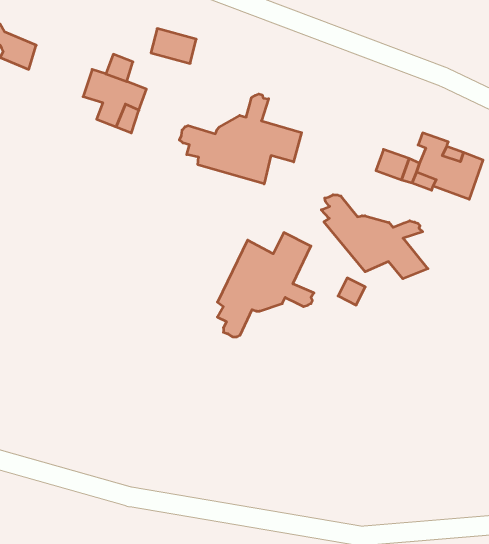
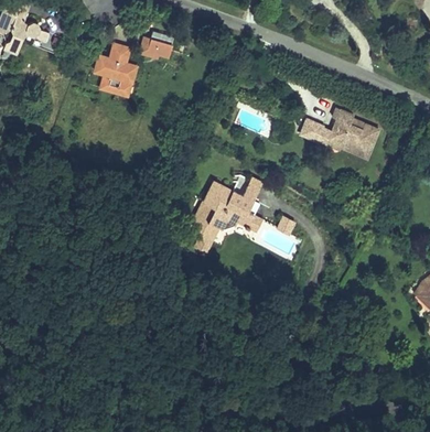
building: [179,94,302,184] -> none
building: [321,195,428,279] -> none

